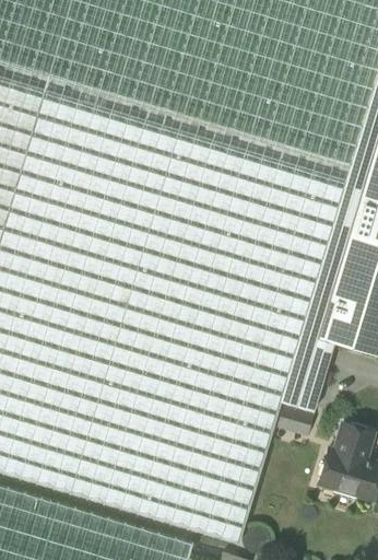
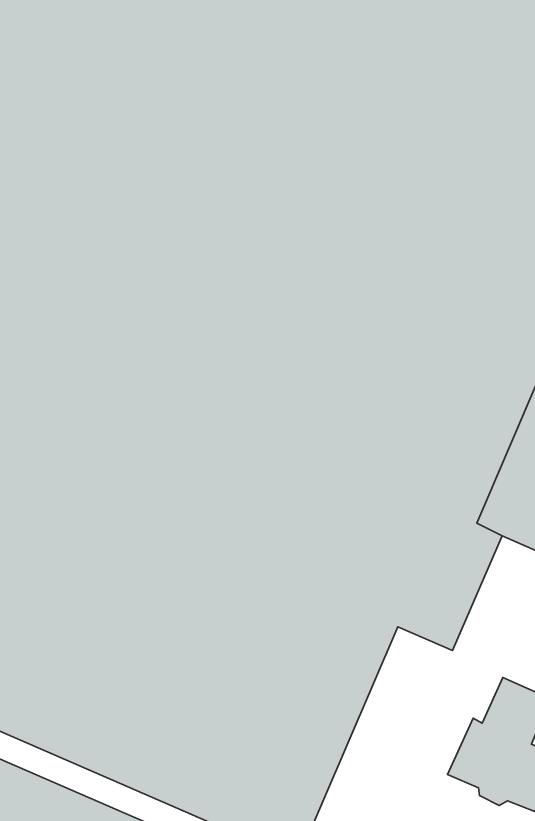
building: [274,404,311,434] -> none

